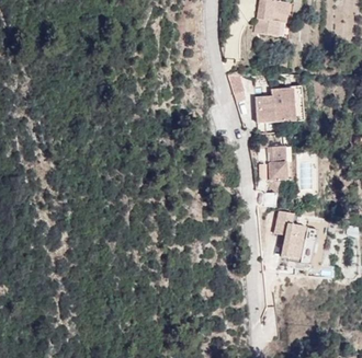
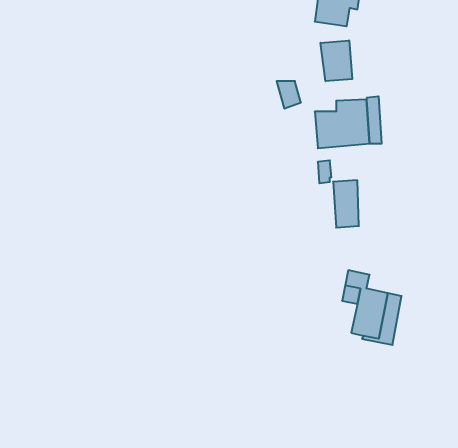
building: none -> [321,40,352,81]

